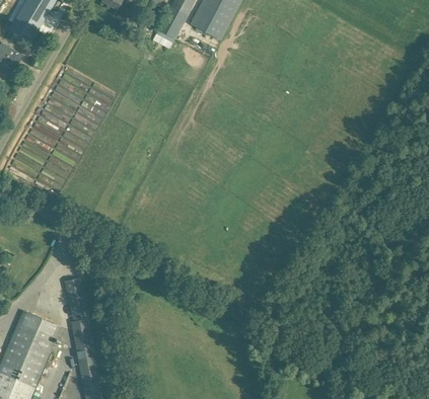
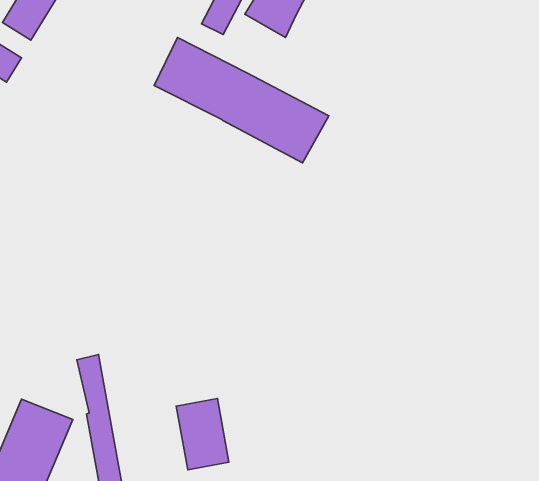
building: none -> [154,38,329,163]
building: none -> [176,398,229,470]

